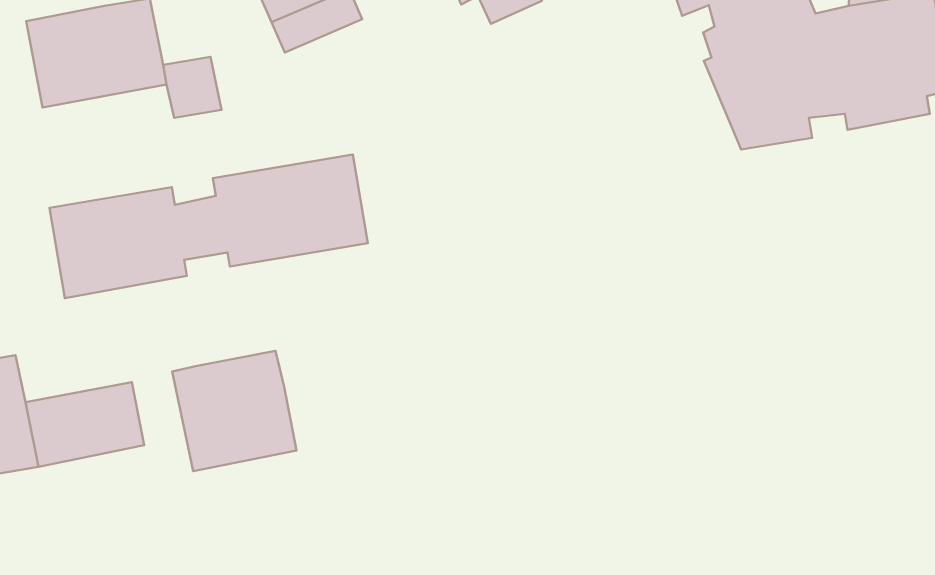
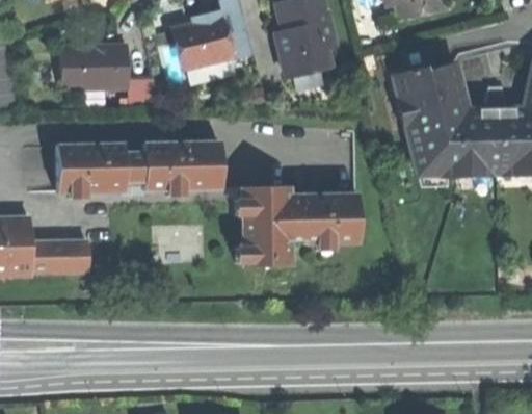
building: none -> [240,188,357,267]
building: [172,351,297,471] -> none

